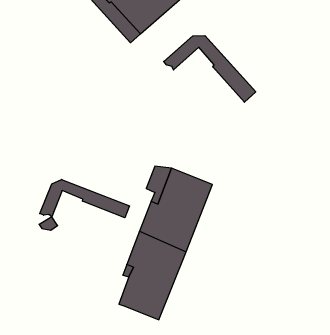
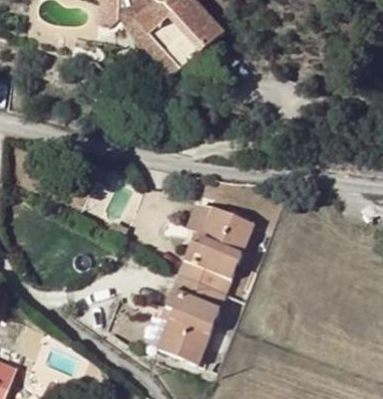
building: [164,36,256,102] -> none
building: [40,179,129,218] -> none

